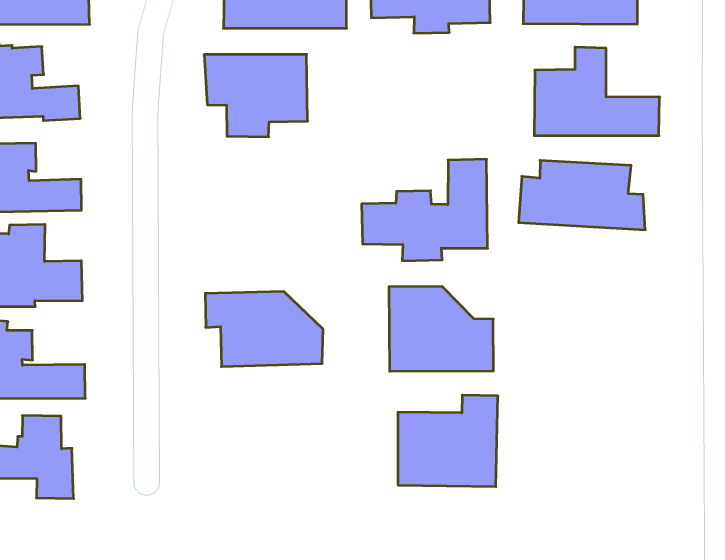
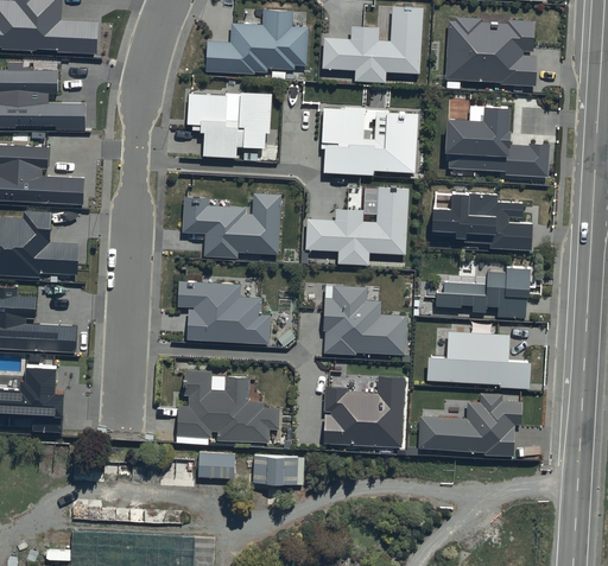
building: none -> [322,104,417,177]
building: none -> [182,191,280,256]
building: none -> [436,261,530,318]
building: none -> [425,330,530,387]
building: none -> [175,368,279,441]
building: none -> [417,392,521,454]
building: none -> [253,458,305,489]
building: none -> [198,456,234,482]

